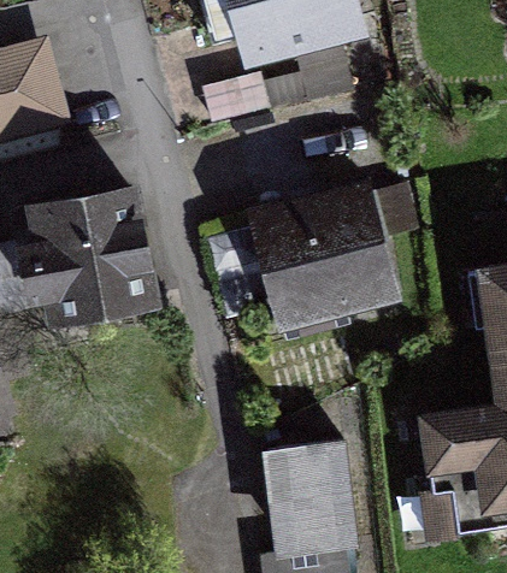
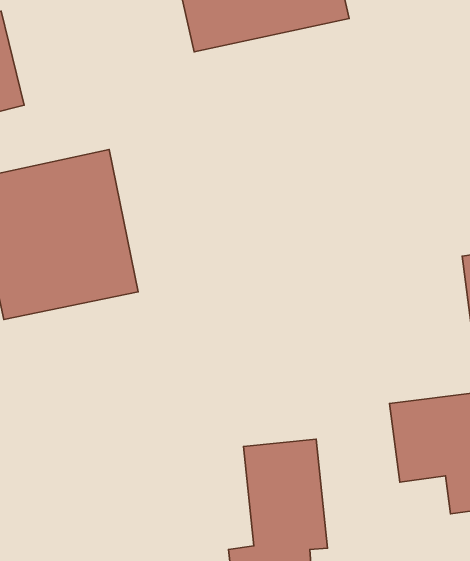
building: [242,178,403,333] -> none

